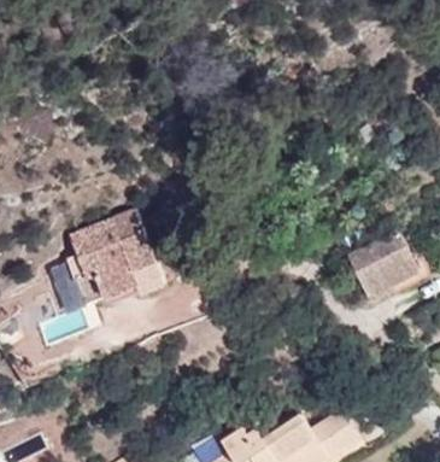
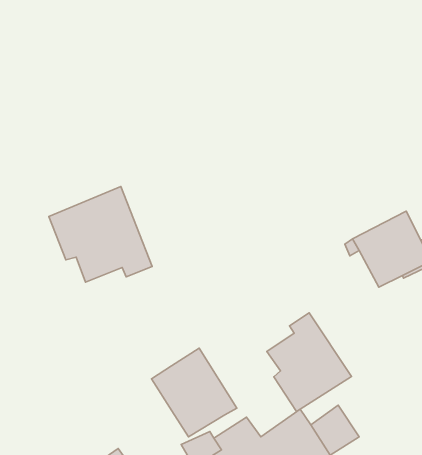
building: none -> [267,313,352,411]
building: none -> [151,348,237,437]

